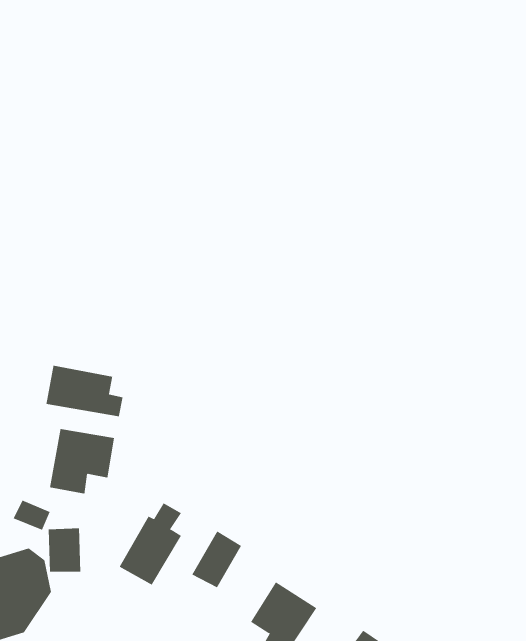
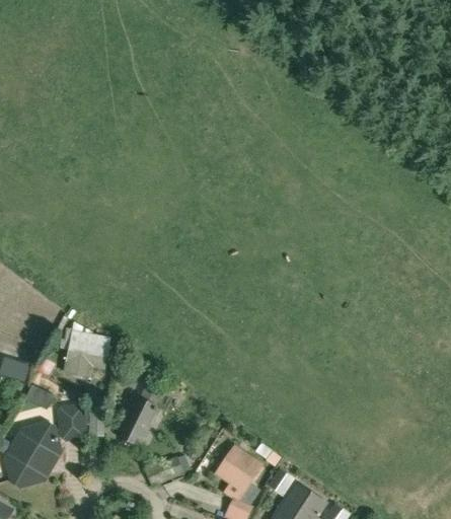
building: [46,365,123,417] -> none
building: [192,531,242,588] -> none

